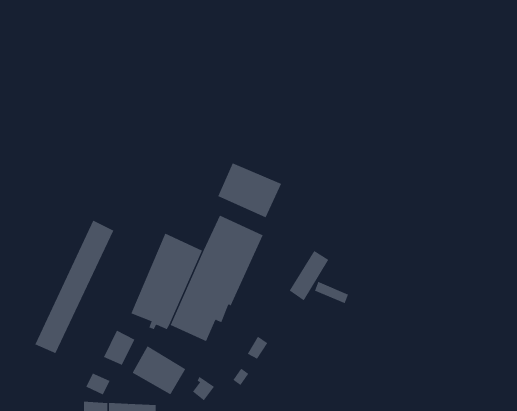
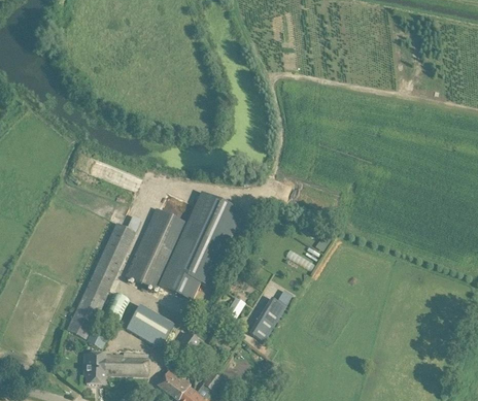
building: [217,162,282,218] -> none
building: [35,220,114,354] -> [67,222,136,338]
building: [289,250,329,301] -> [250,297,285,341]

